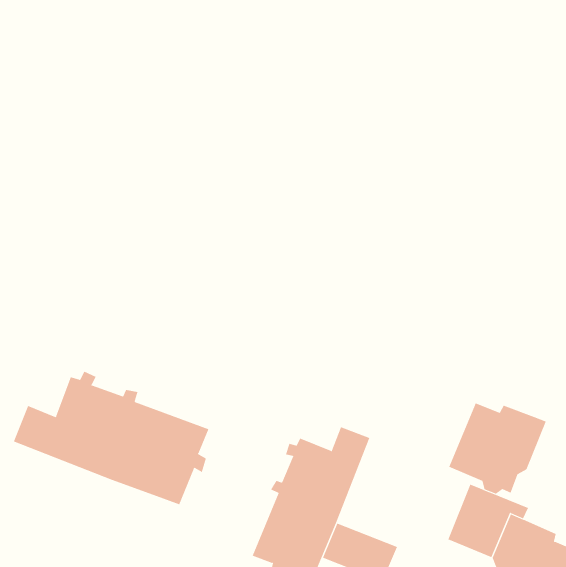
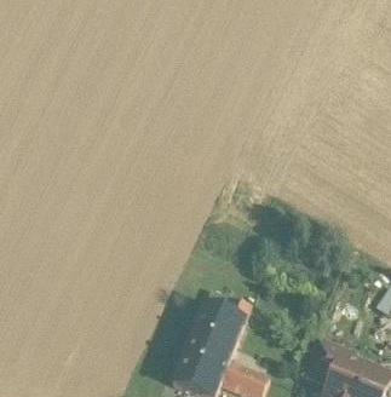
building: [13,371,209,505] -> none
building: [449,403,547,494] -> none

